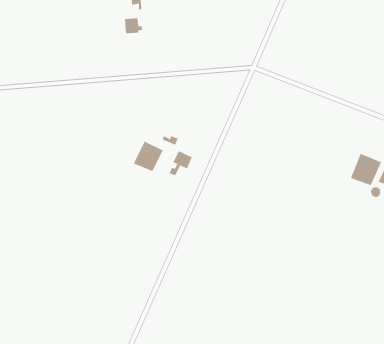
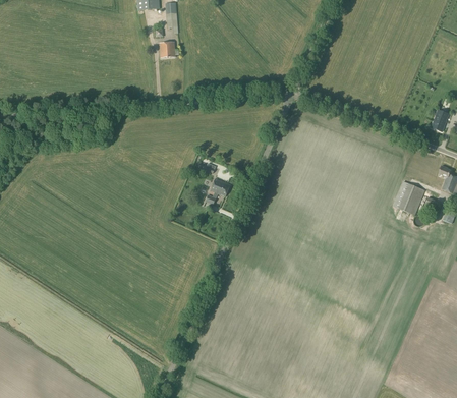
building: [133,141,164,172] -> none

